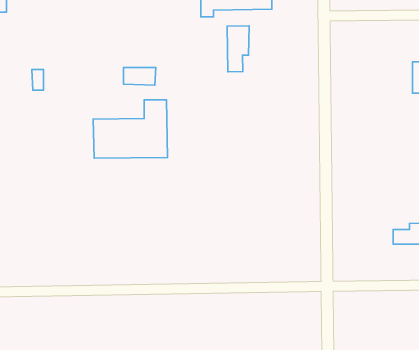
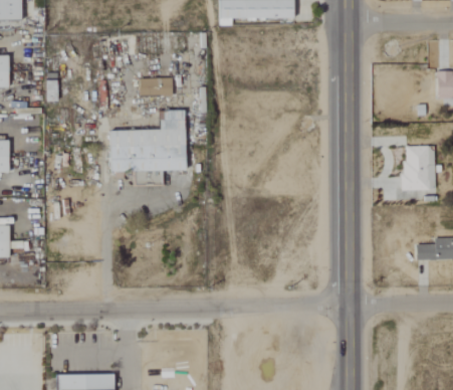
building: [227,26,249,72] -> none
building: none -> [403,146,436,190]

